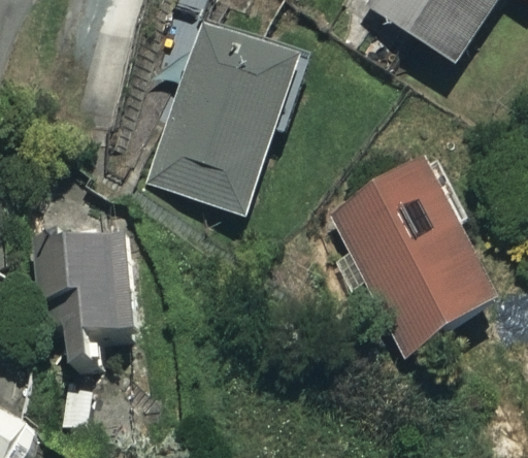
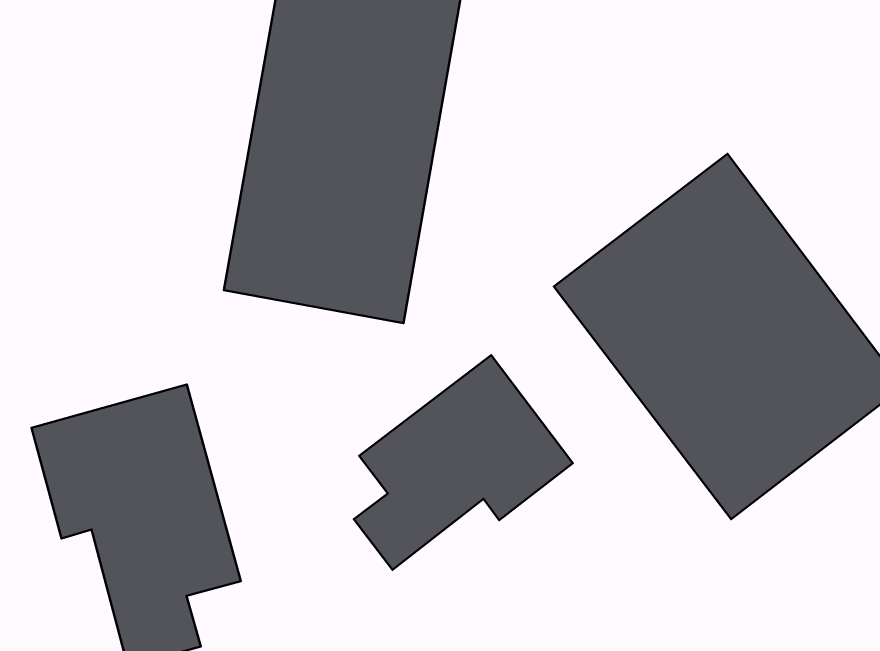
building: none -> [354,355,573,570]

